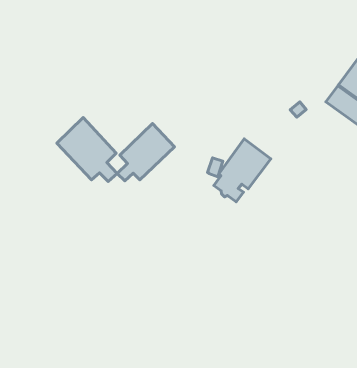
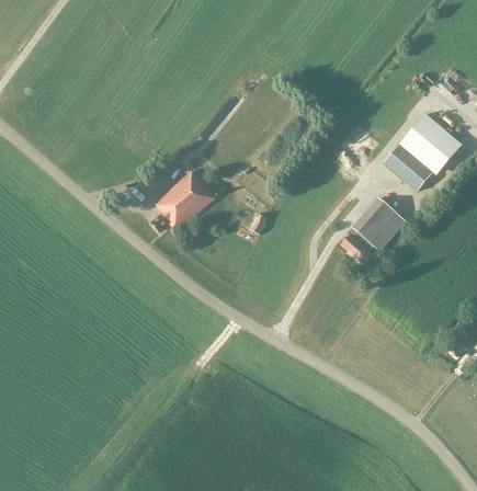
building: [57,118,117,181] -> none
building: [214,139,271,202] -> [342,196,407,264]

